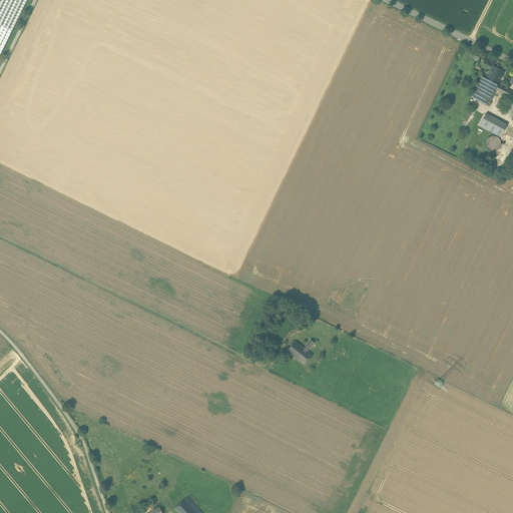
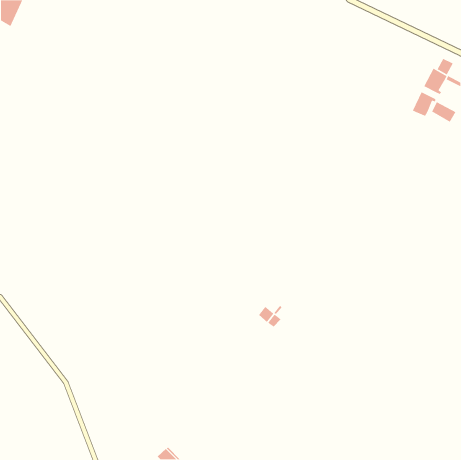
building: none -> [412,91,436,117]

